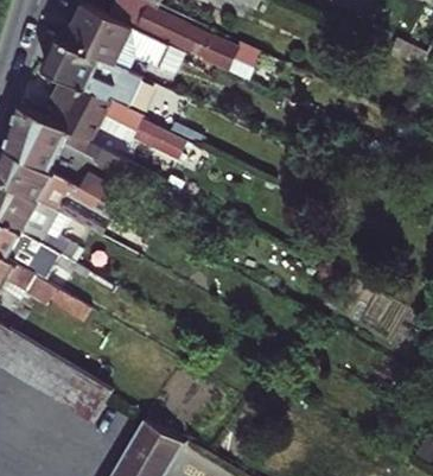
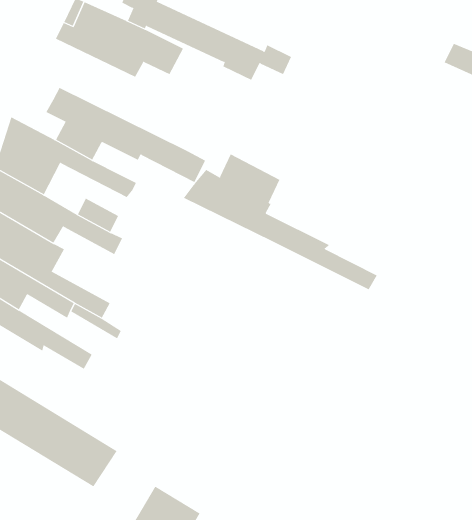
building: [42,37,187,133] -> none
building: none -> [183,154,377,290]

